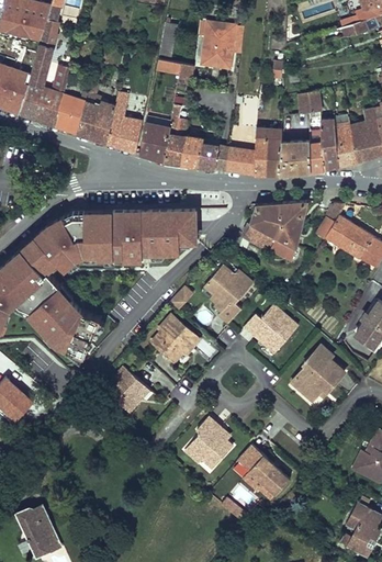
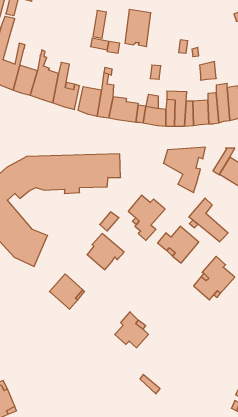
building: [244,223,277,252] -> none
building: none -> [189,198,228,242]
building: [236,443,290,501] -> none

